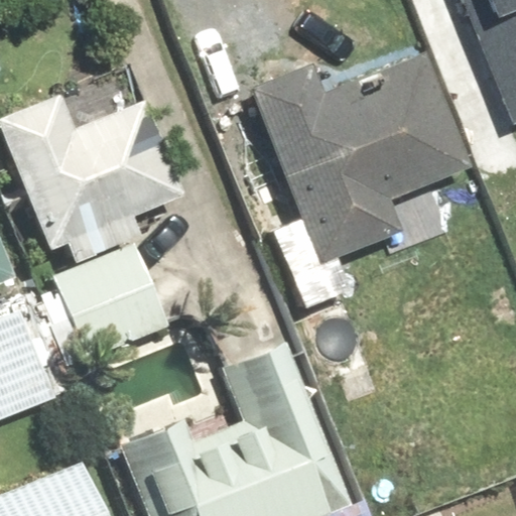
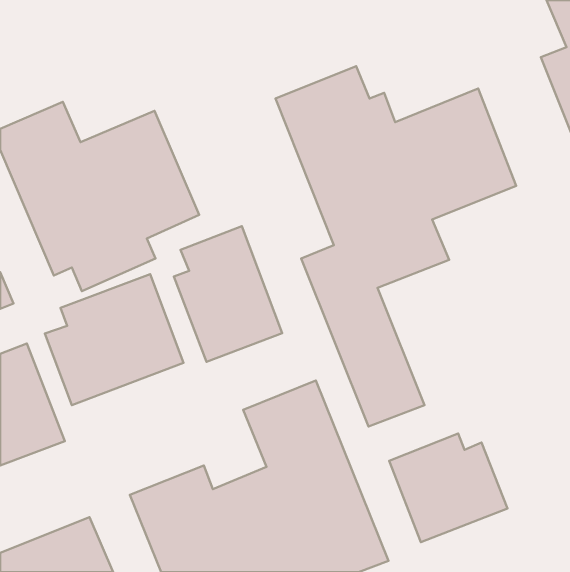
building: none -> [174,226,282,362]
building: none -> [389,433,508,542]

